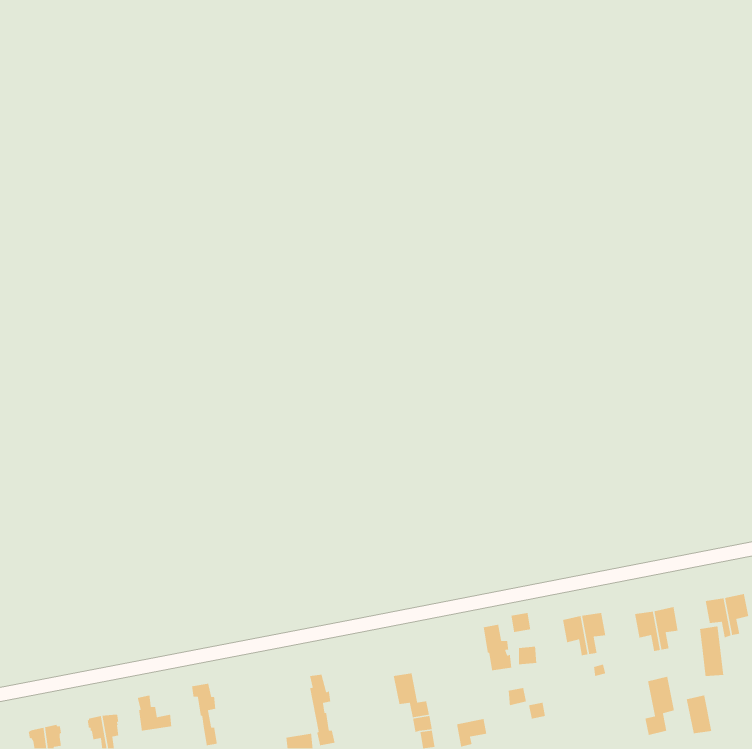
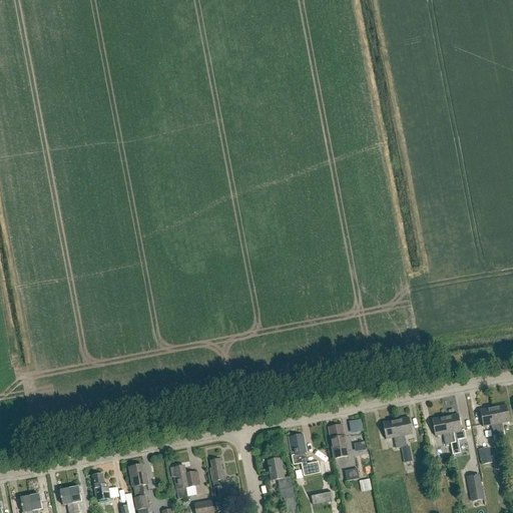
building: none -> [289,433,321,475]
building: [645,676,675,736] -> none
building: none -> [170,465,199,499]

